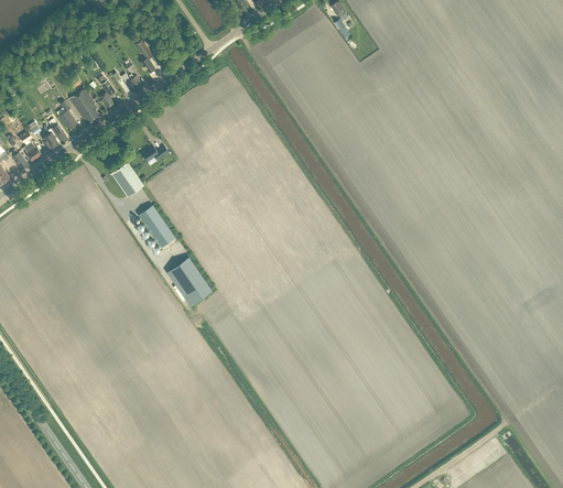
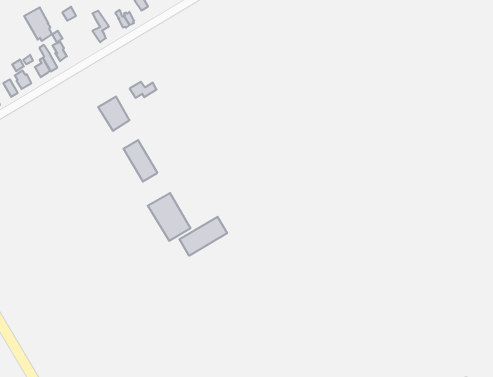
building: [69,88,99,122] -> [24,7,52,41]
building: none -> [179,217,227,256]

